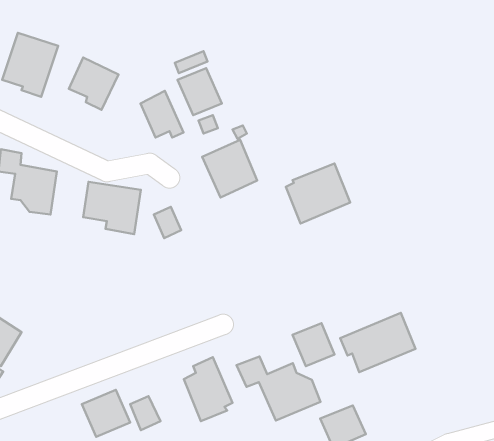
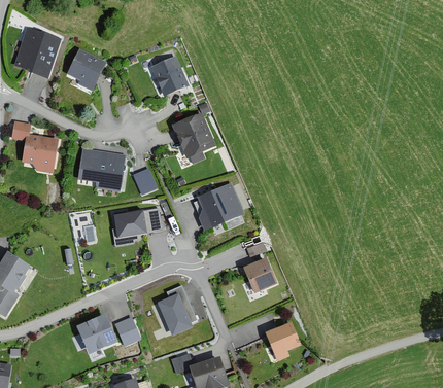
building: [141,91,183,138] -> none
building: [286,163,350,223] -> [192,183,242,231]
building: none -> [114,208,144,233]
building: [340,313,415,372] -> none
building: [237,356,320,420] -> none

